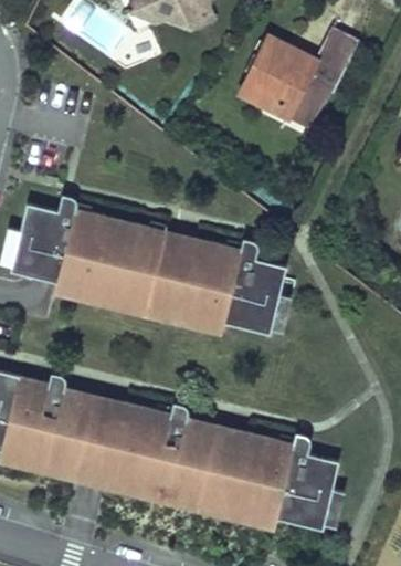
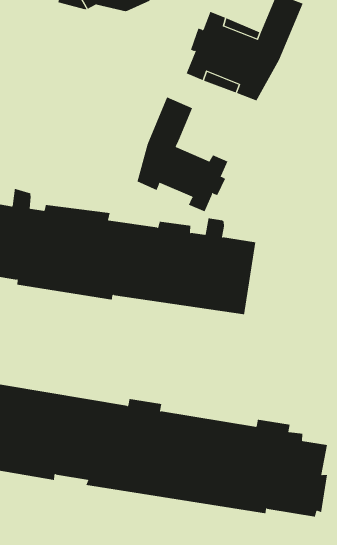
building: none -> [137,96,228,212]

